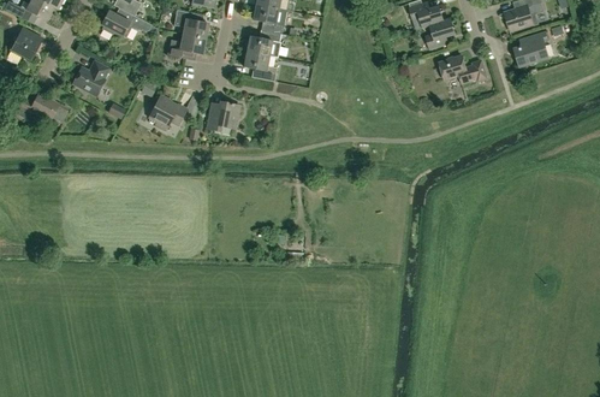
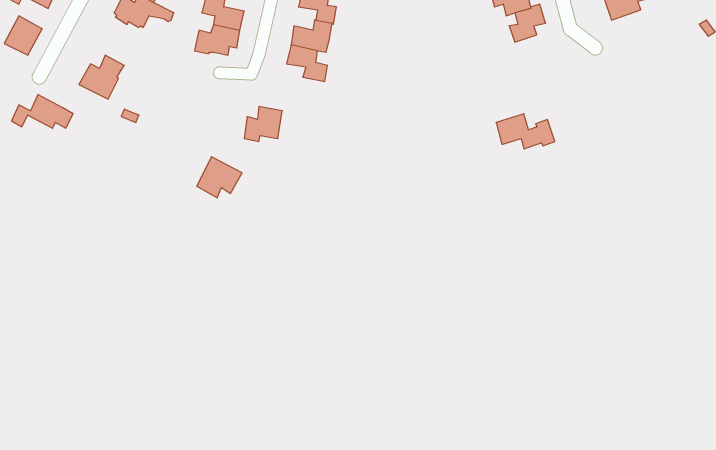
building: [515,31,547,65] -> none
building: [439,54,487,83] -> [496,114,555,149]
building: [148,95,185,129] -> [197,157,242,198]

